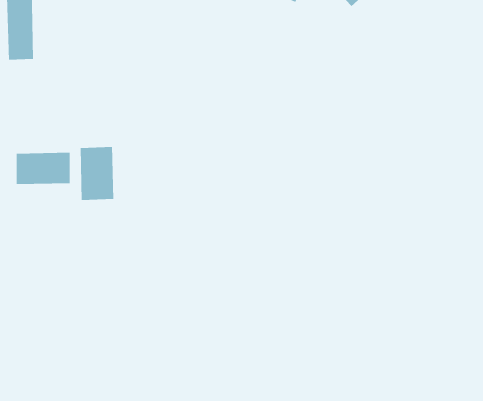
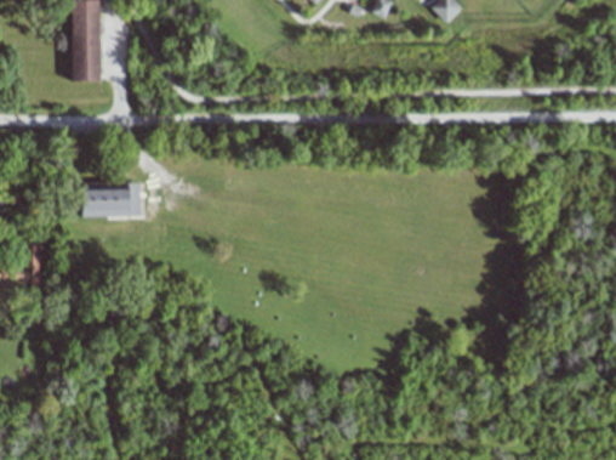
building: [80,146,114,201] -> none

